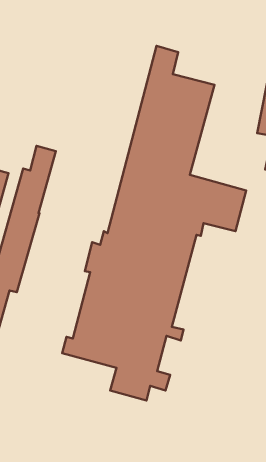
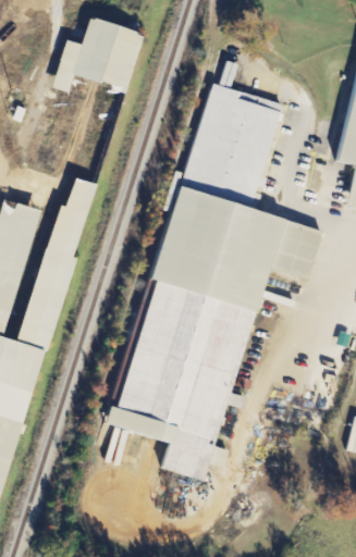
building: none -> [52,15,144,89]

